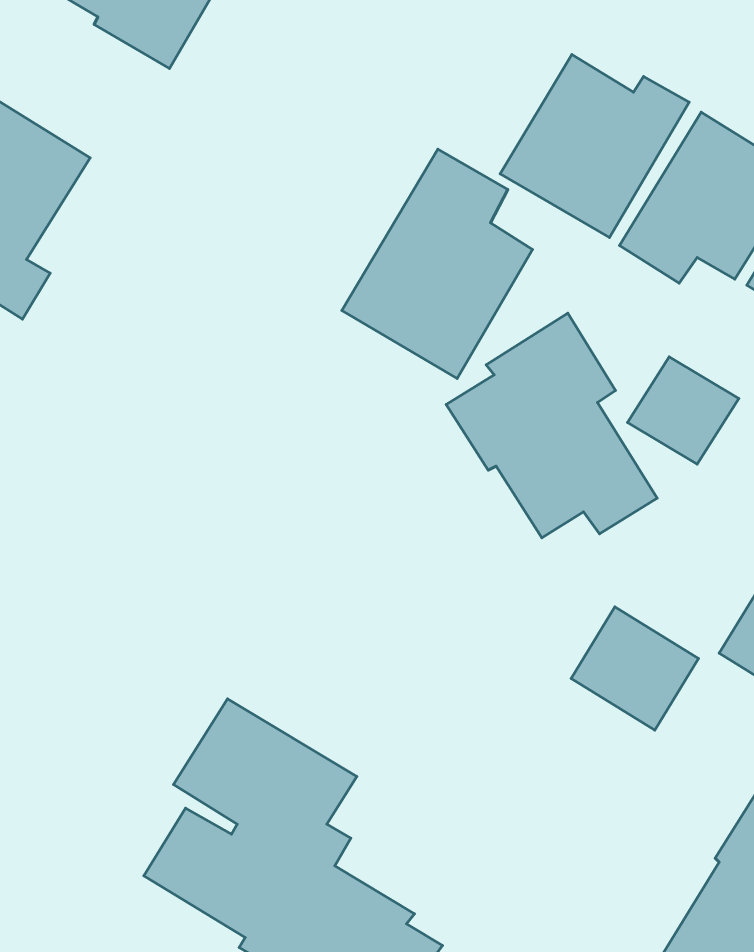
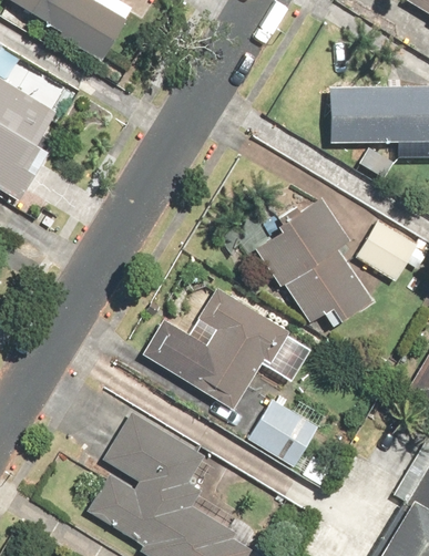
building: [342,149,533,378] -> none
building: none -> [142,287,283,409]
building: [571,607,699,730] -> [247,399,318,467]

